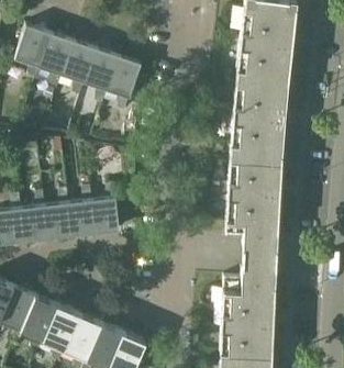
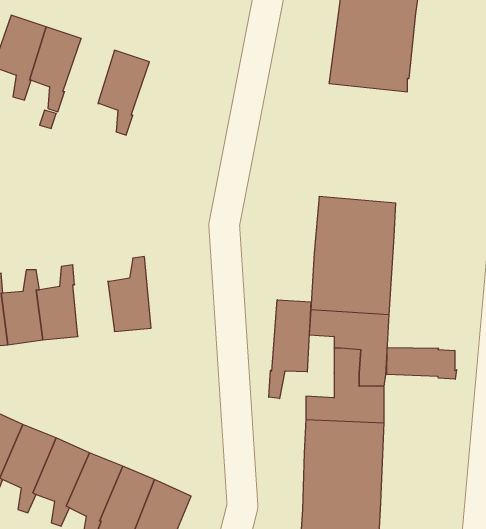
building: [62,41,96,97] -> none
building: [107,56,142,112] -> none
building: [231,70,289,149] -> none
building: [68,187,96,237] -> none
building: none -> [269,300,311,399]
building: none -> [387,347,457,379]

